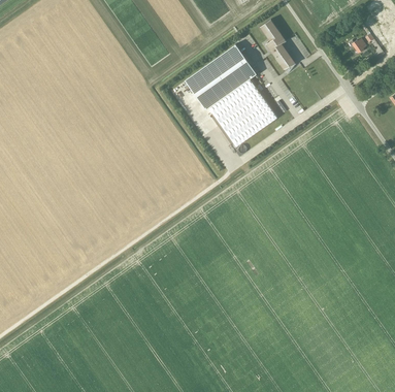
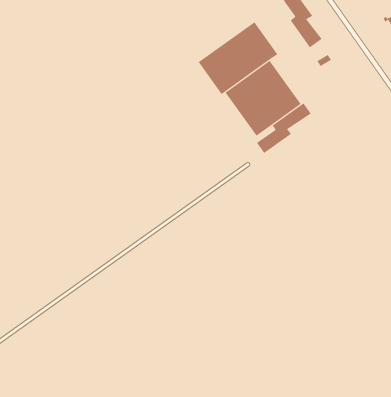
building: none -> [256,102,312,154]

